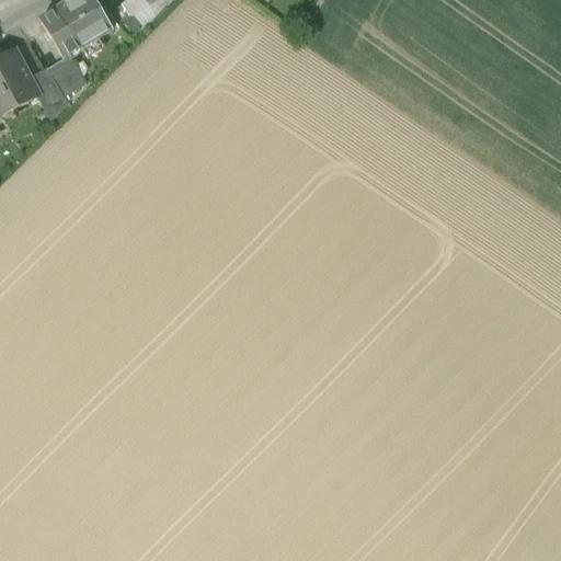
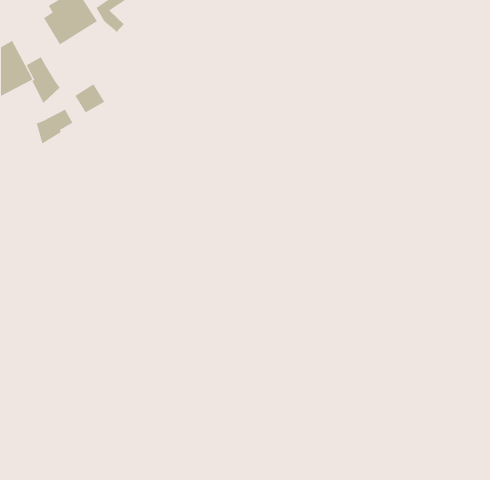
building: [51,58,87,92] -> [75,84,105,113]
building: none -> [36,109,73,145]

